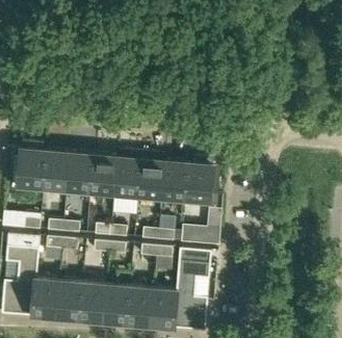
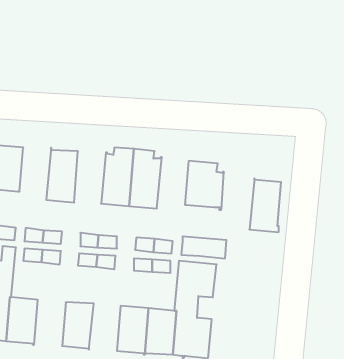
building: [42,150,70,194] -> none
building: [89,153,116,198] -> none
building: [160,158,187,204] -> [249,178,281,232]
building: [55,280,82,319] -> none
building: [102,283,129,323] -> none

